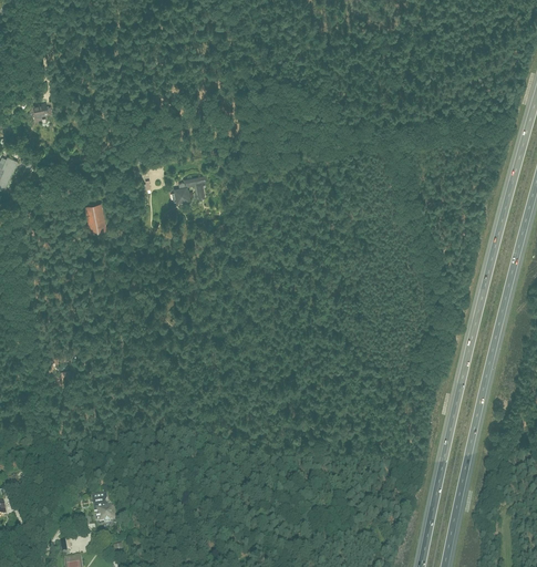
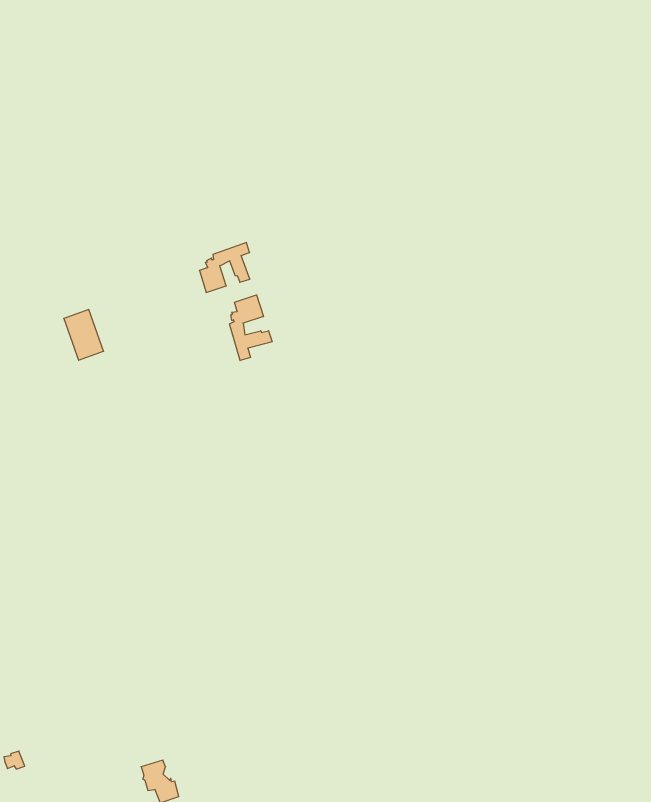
building: none -> [230,295,272,361]

